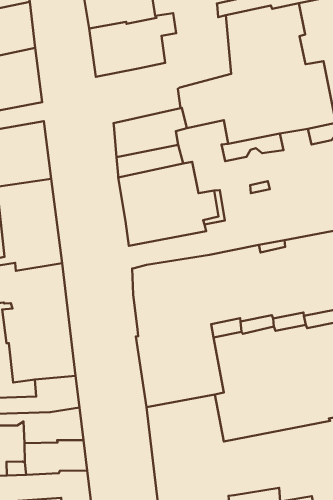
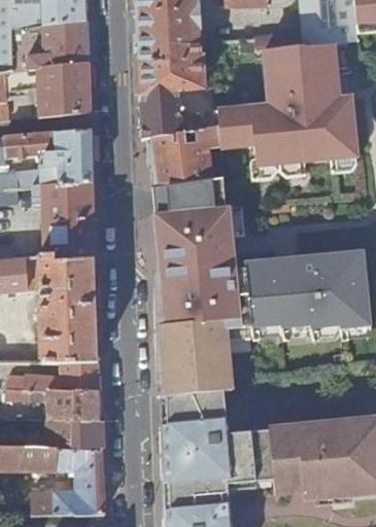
building: none -> [140,84,214,139]
building: none -> [157,241,229,269]

